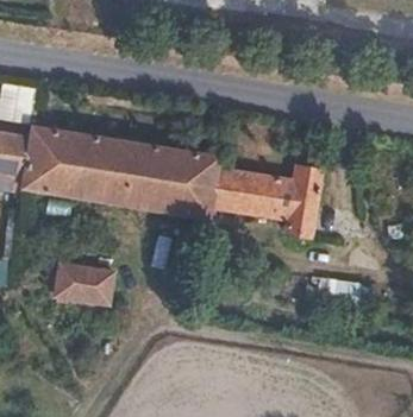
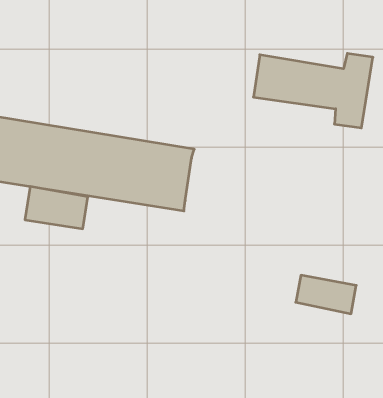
building: [212,166,323,235] -> [253,53,373,128]
building: [56,264,114,303] -> [25,186,88,229]

